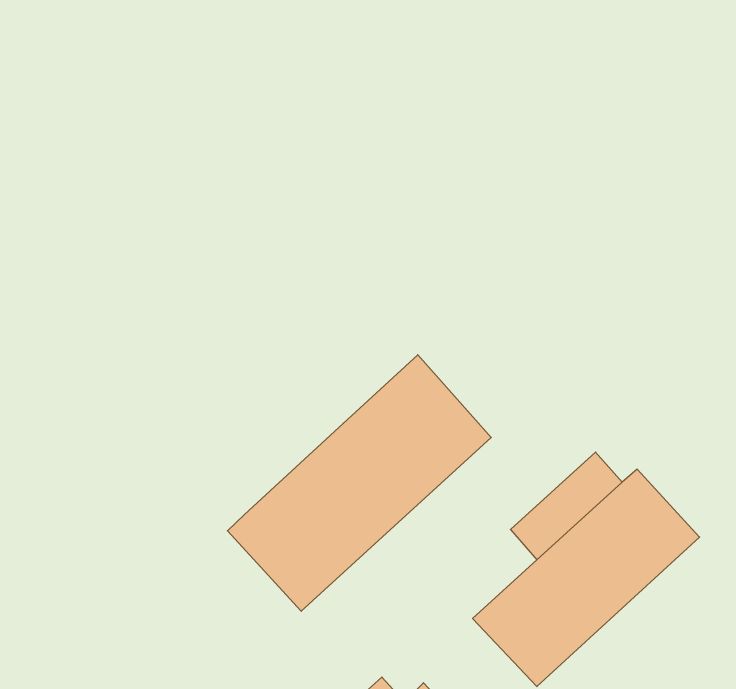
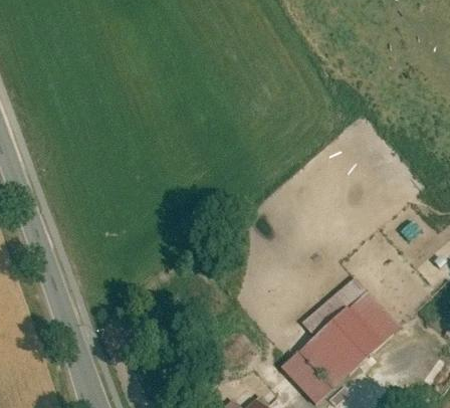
building: [227,355,491,611] -> none

